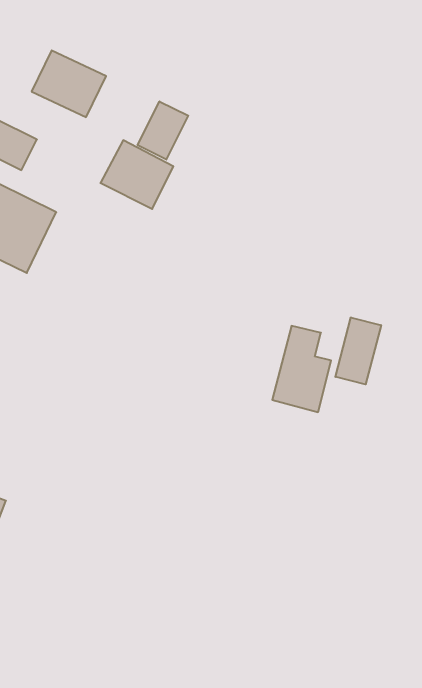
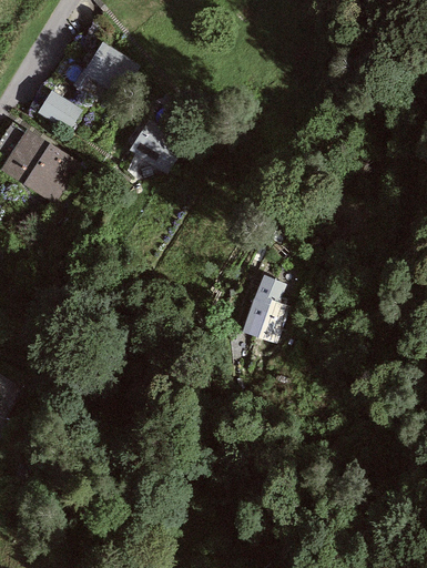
building: [138,101,188,160] -> none
building: [335,317,381,384] -> none

